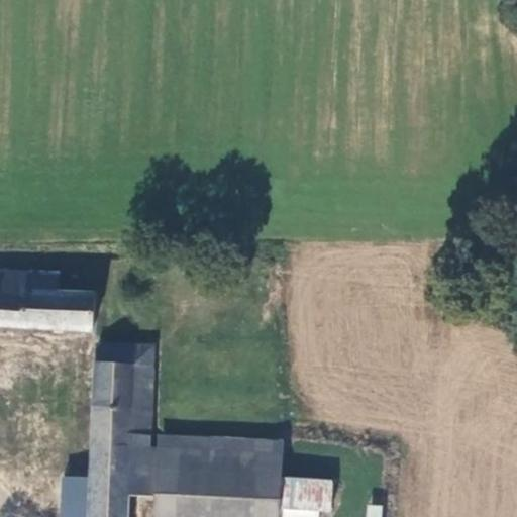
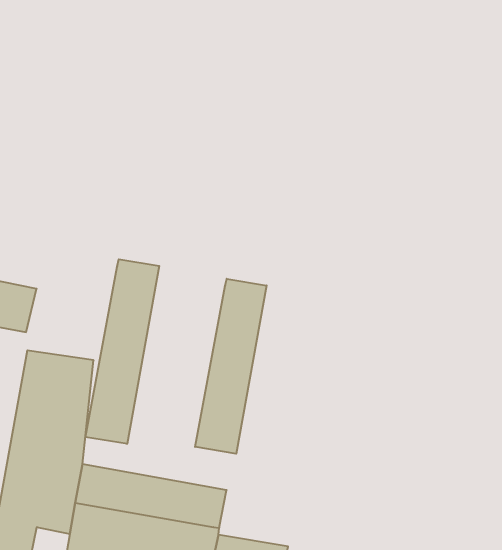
building: none -> [85,259,159,444]
building: none -> [195,279,267,454]

